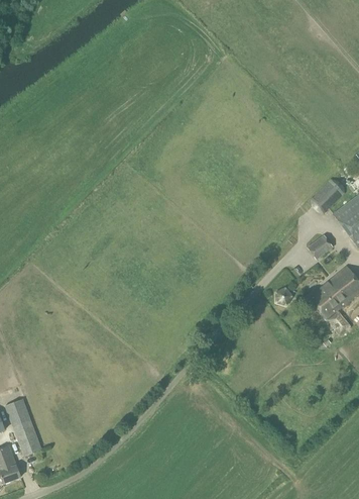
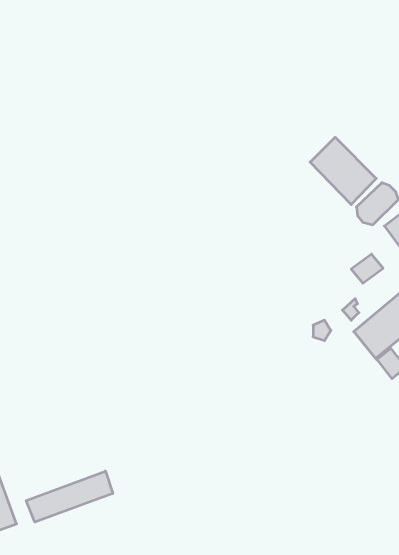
building: none -> [310,137,376,205]
building: none -> [26,471,113,522]

